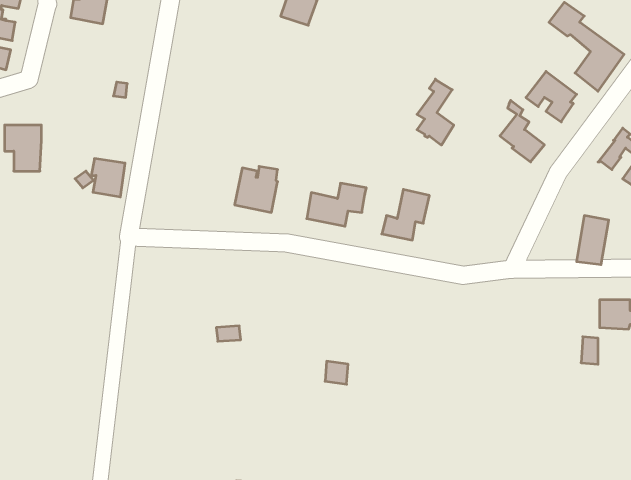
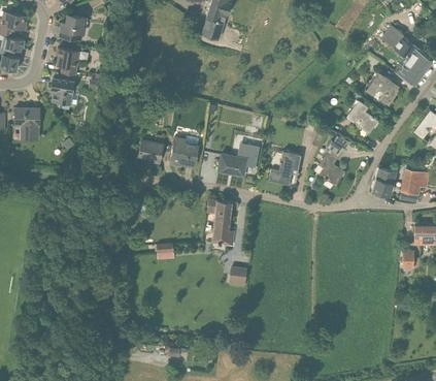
building: none -> [56,47,78,75]
building: [417,79,454,145] -> [318,140,343,185]
building: [91,159,125,197] -> [51,77,73,103]
building: none -> [138,139,163,161]
building: none -> [371,167,396,195]
building: none -> [207,198,233,245]

